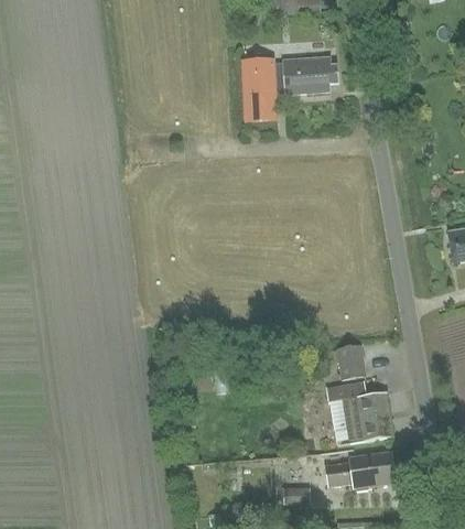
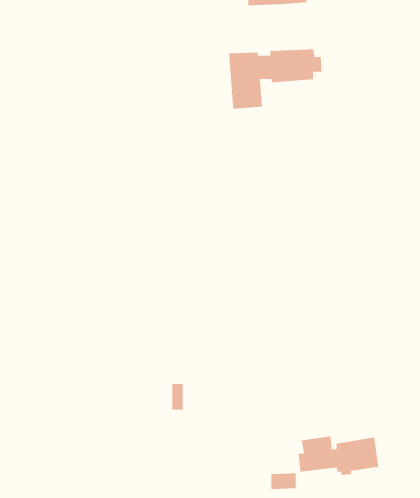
building: [338,344,367,378] -> none
building: [326,380,392,441] -> none

